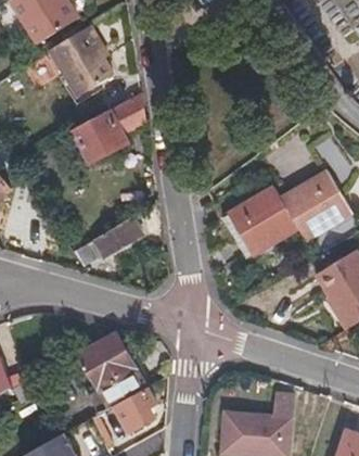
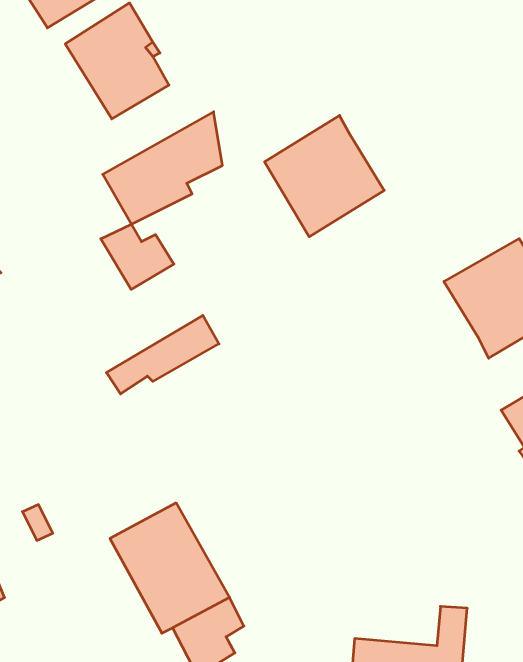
building: none -> [101,224,174,289]
building: [227,183,299,257] -> [265,115,384,237]

